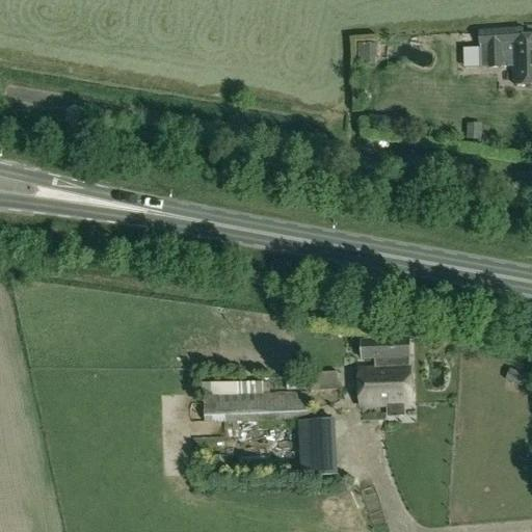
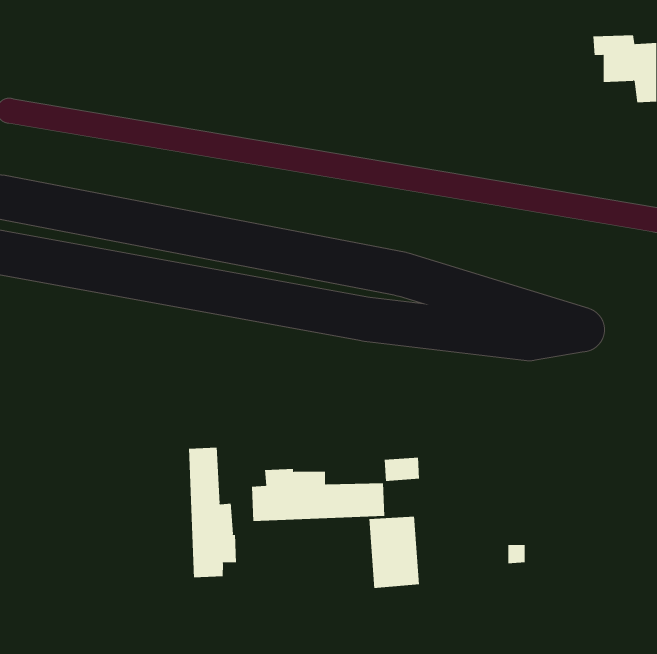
building: [360,334,411,404] -> none
building: none -> [188,447,237,578]

